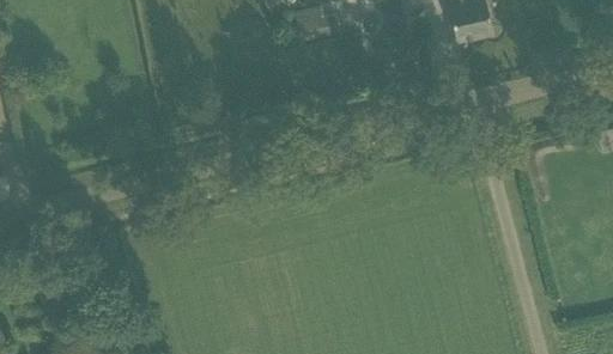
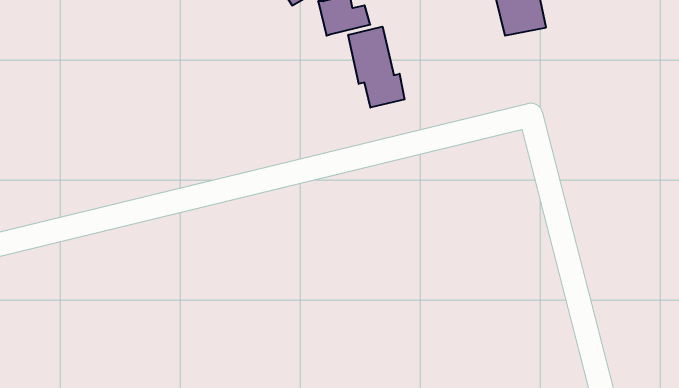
building: none -> [348,27,405,108]

